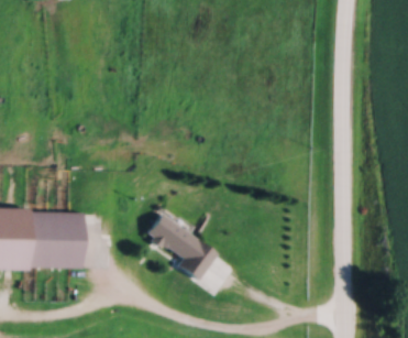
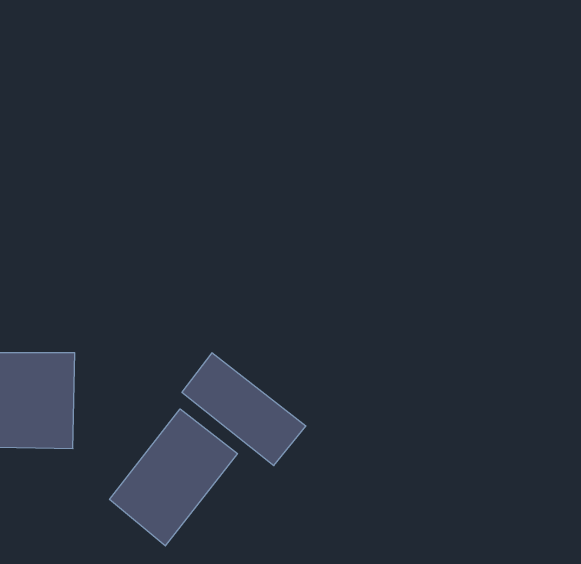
building: none -> [110,409,237,546]

